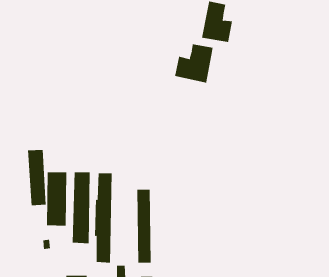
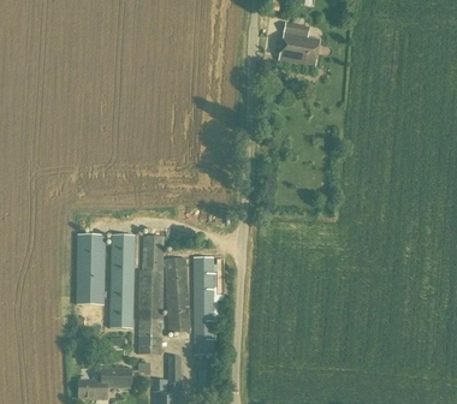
building: [174,43,213,83] -> none
building: [27,149,46,206] -> [164,256,189,329]

